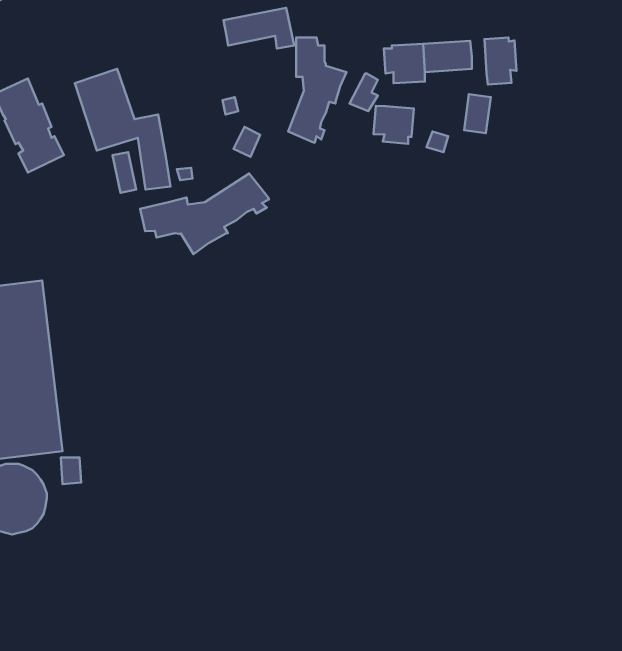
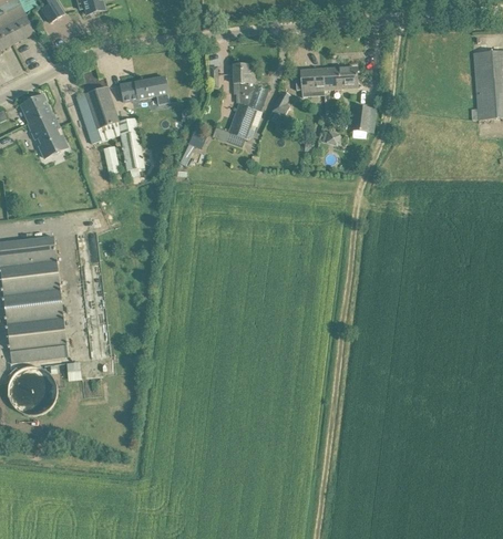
building: [223,8,294,49] -> [120,75,170,104]
building: [484,38,516,85] -> none
building: [373,106,414,144] -> none
building: [140,173,269,254] -> none

